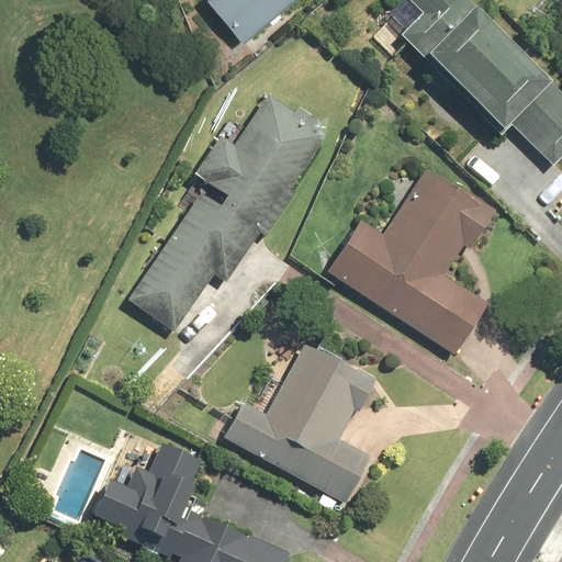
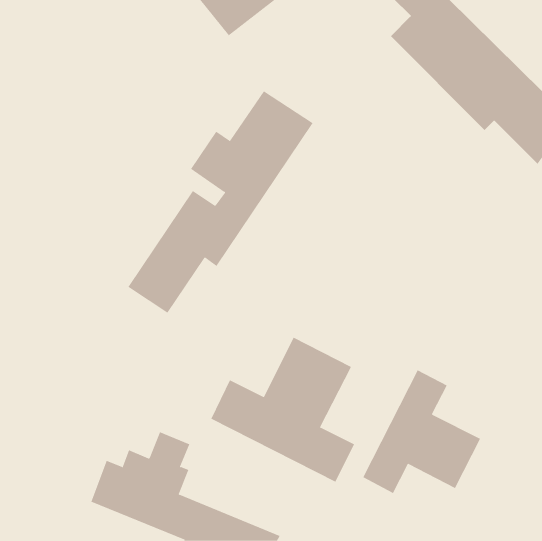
building: [326,165,499,358] -> none
building: none -> [363,369,481,494]

